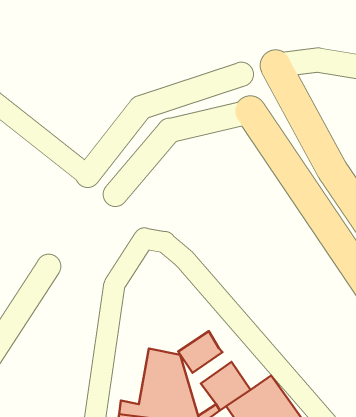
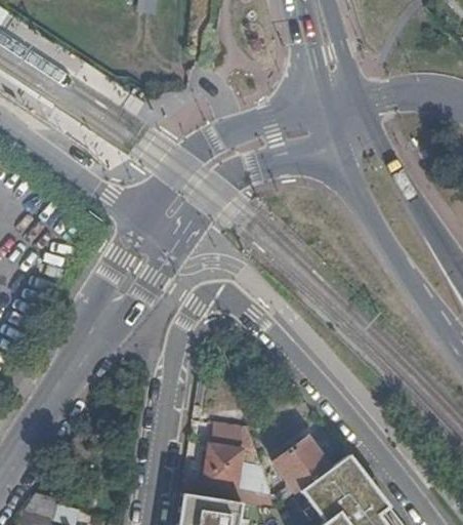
building: [178,331,222,373] -> none

